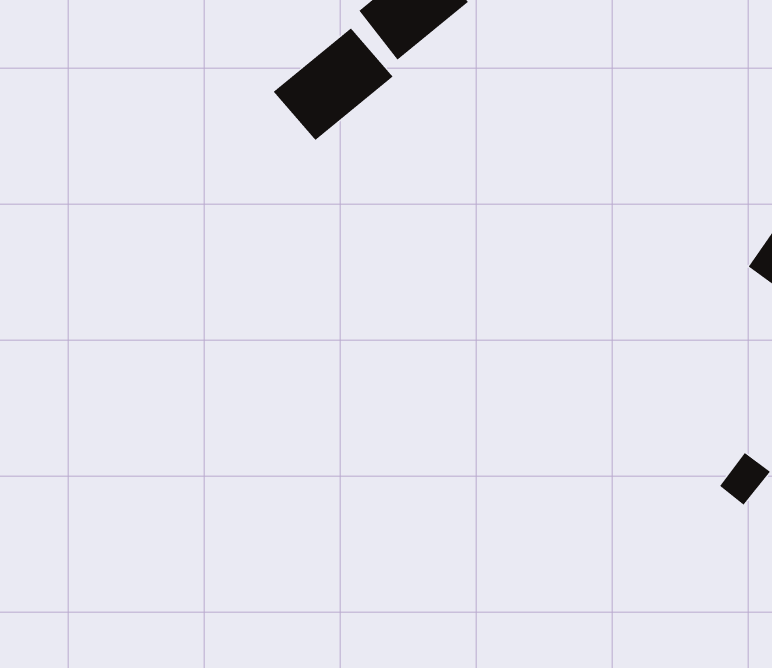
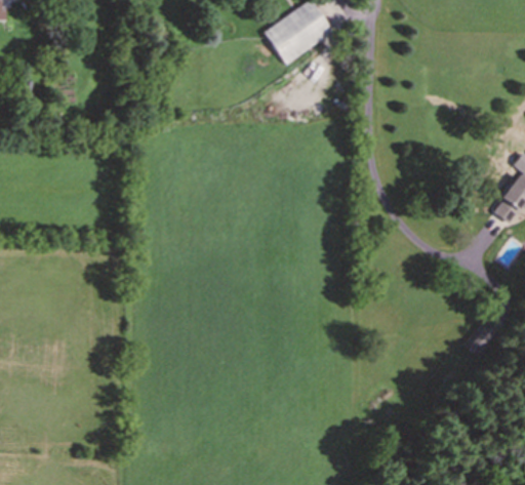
building: [273,28,393,141] -> none

